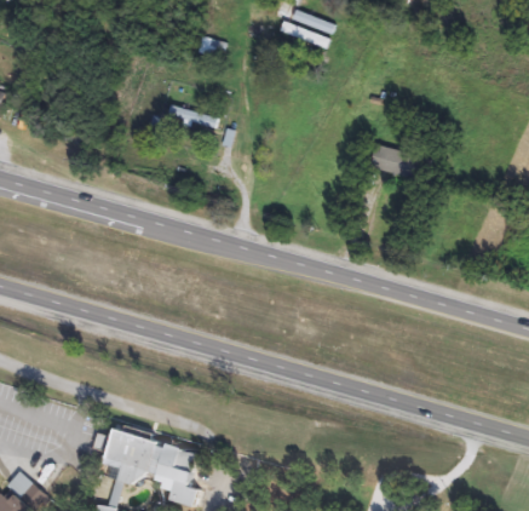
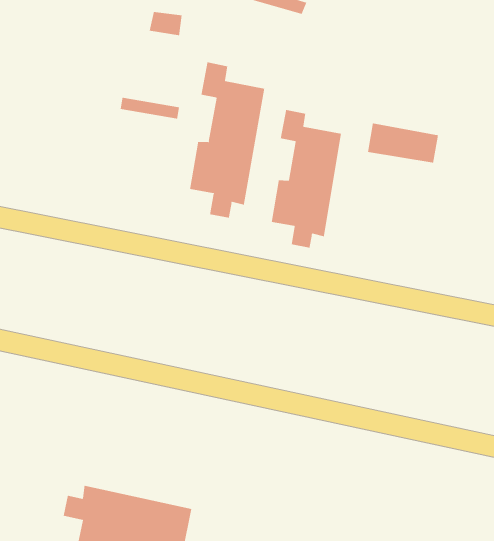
building: none -> [189,61,265,218]
building: none -> [271,109,342,248]

